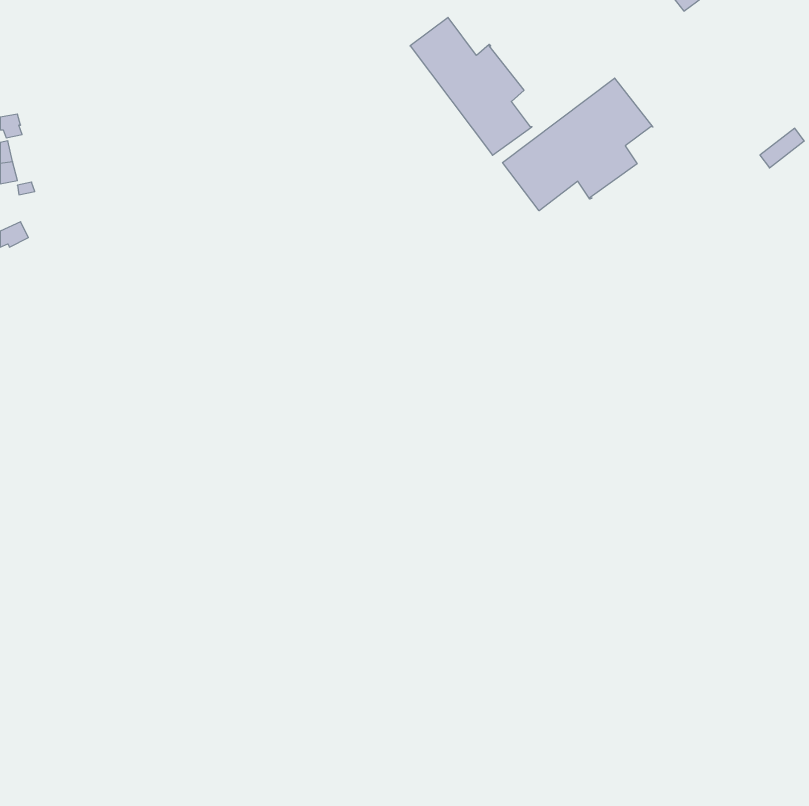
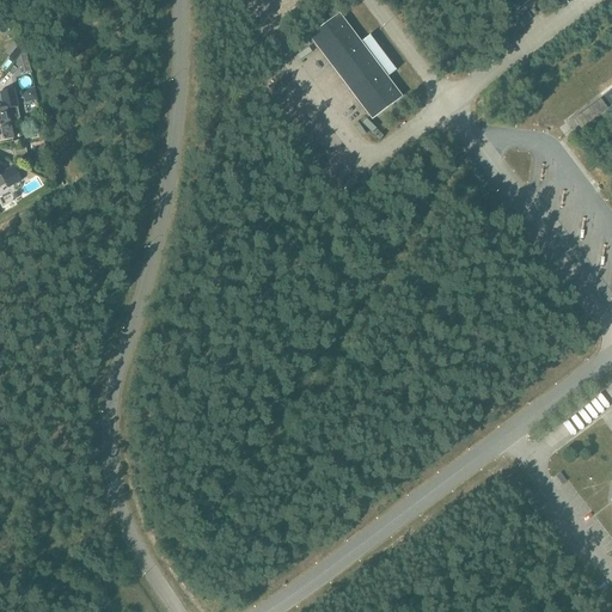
building: [503,78,653,211] -> none

